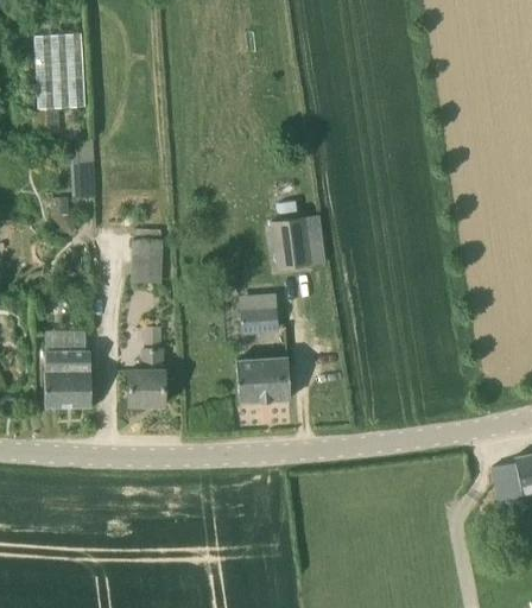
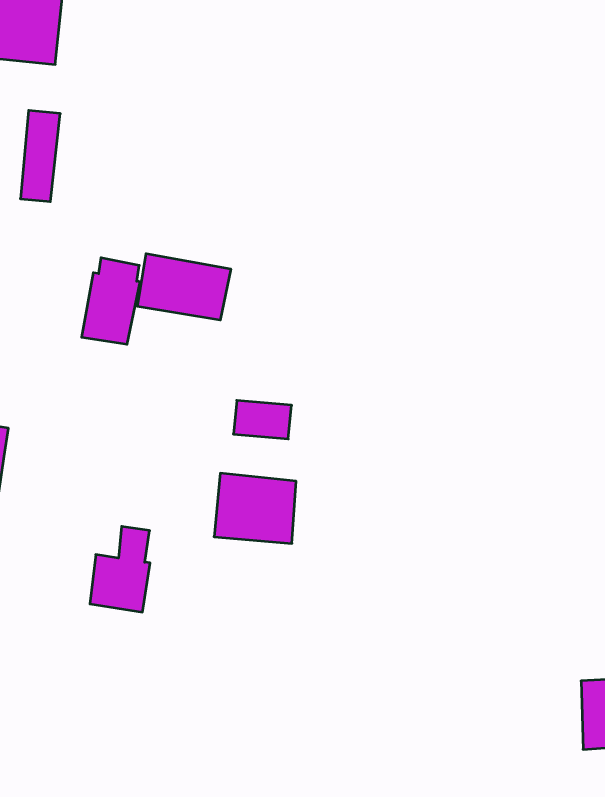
building: [272,217,311,270] -> none
building: none -> [137,254,231,320]
building: [127,349,164,404] -> [90,526,150,612]

